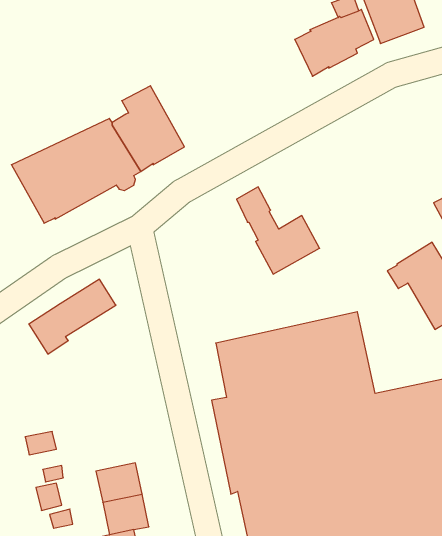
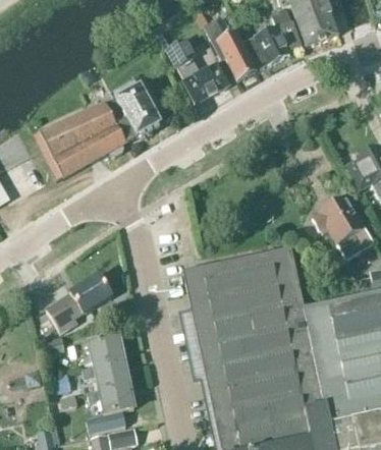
building: none -> [204,19,256,80]
building: [237,187,320,274] -> [168,39,230,104]
building: [29,279,116,354] -> [46,275,111,331]
building: none -> [83,335,123,365]

